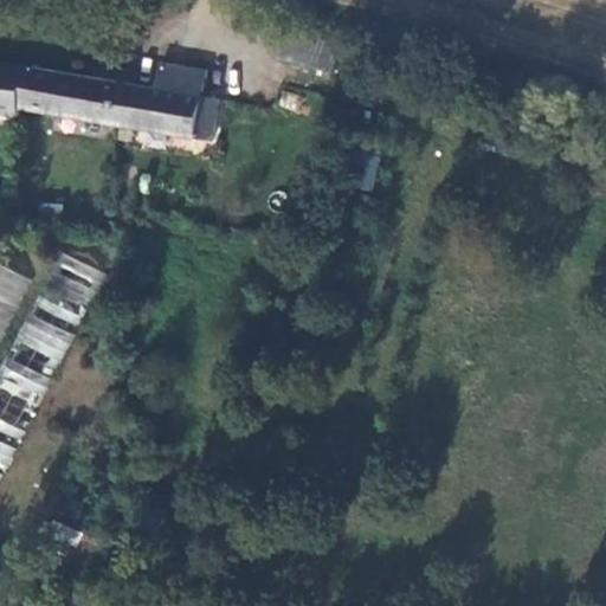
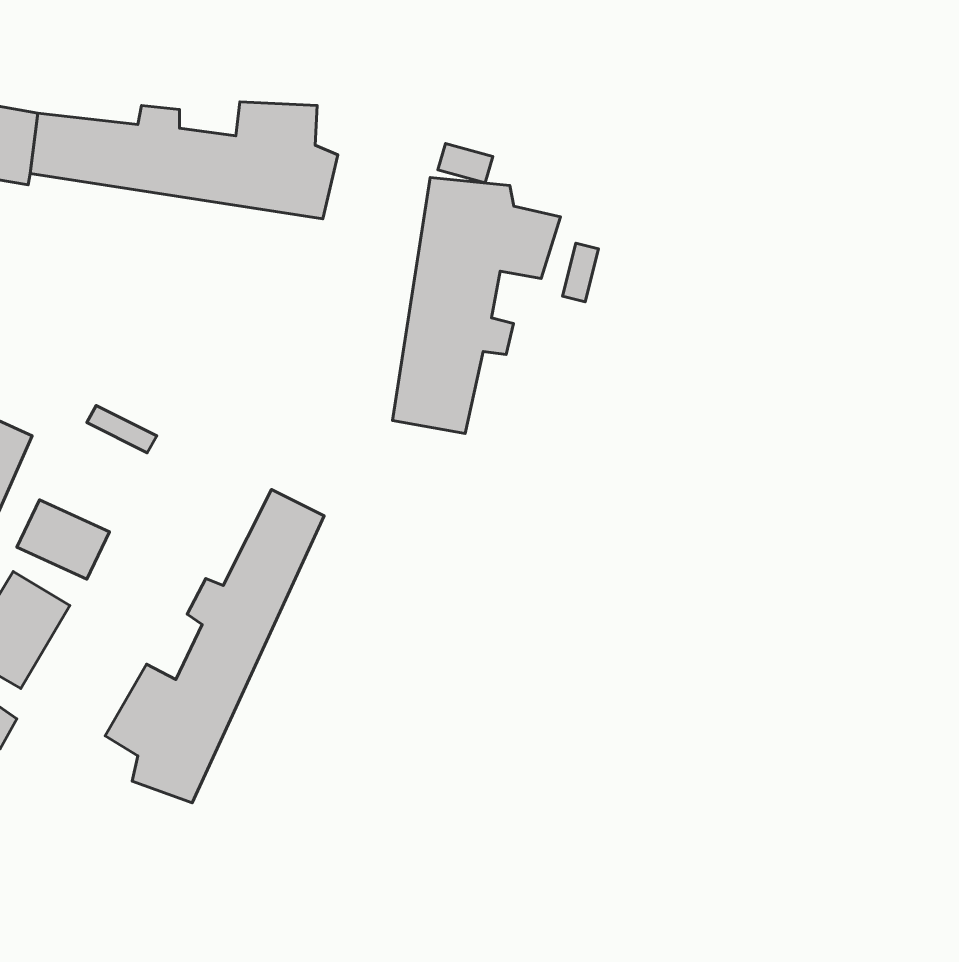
building: none -> [393,177,561,433]
building: none -> [105,490,324,803]

